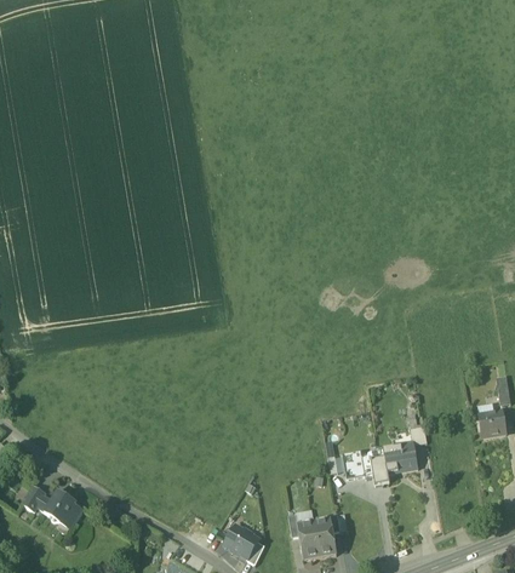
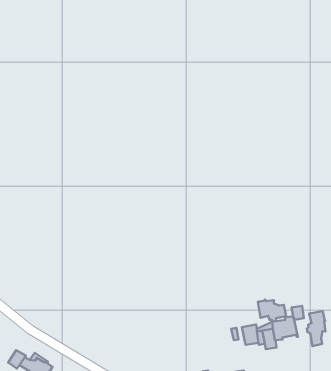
building: none -> [258,300,286,322]
building: none -> [307,311,325,346]

